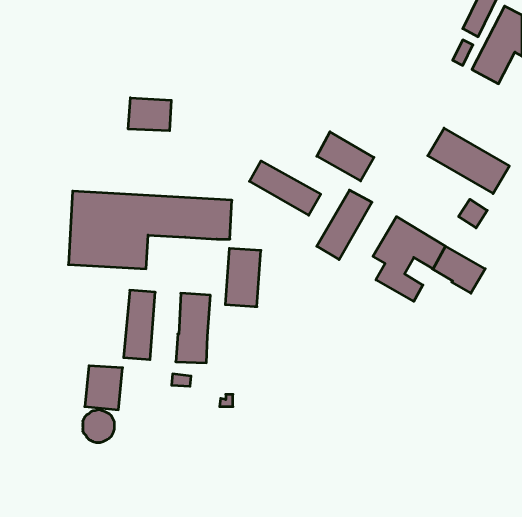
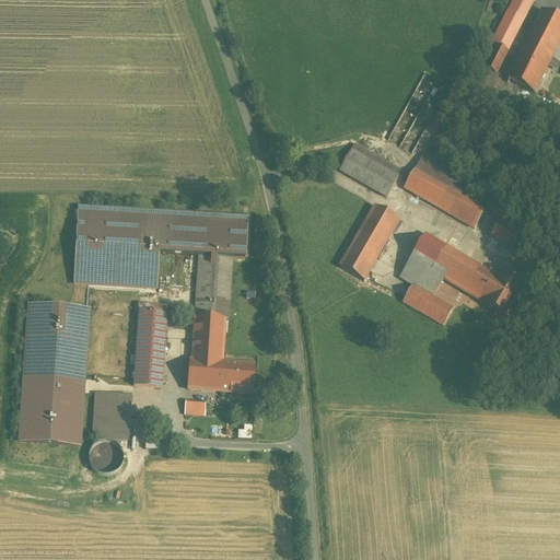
building: [128,98,171,131] -> none
building: [428,128,509,194] -> [404,154,491,224]
building: [249,161,321,215] -> none
building: [225,248,261,307] -> [194,254,232,316]
building: none -> [19,303,89,444]
building: none -> [221,360,254,390]

